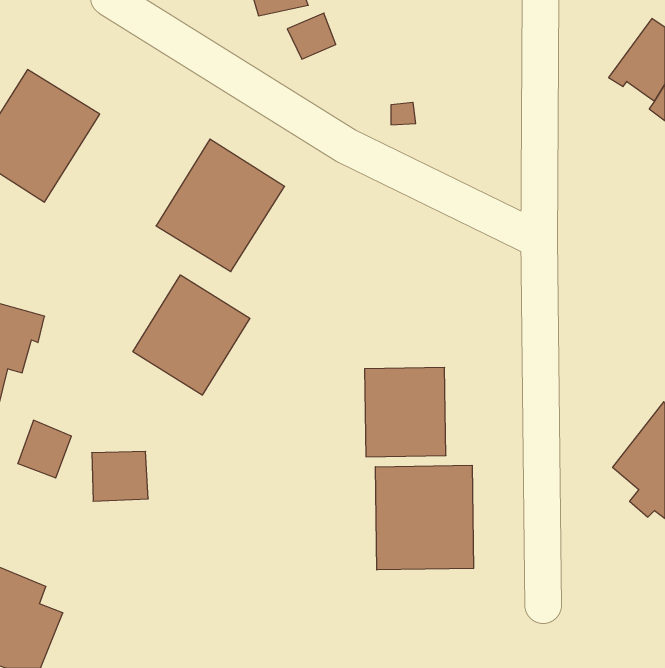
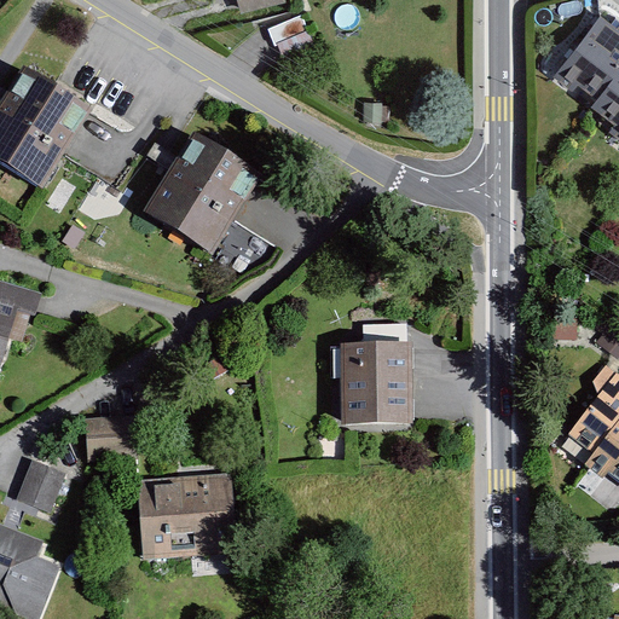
building: [133,275,250,395] -> none
building: [18,420,71,478] -> [16,459,65,513]
building: [375,465,474,570] -> none
building: none -> [137,473,237,561]

